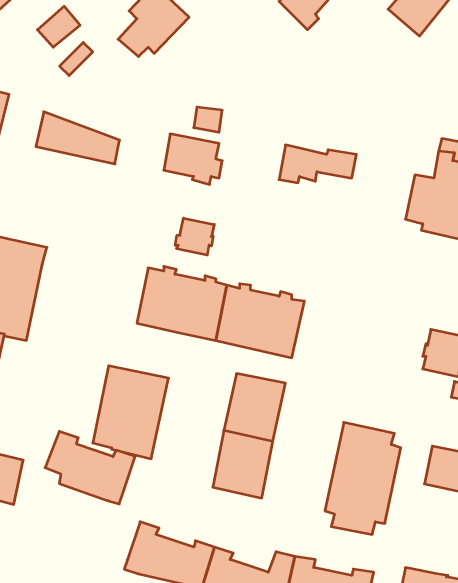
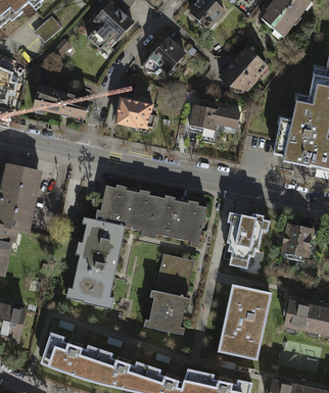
building: none -> [140,38,185,73]
building: none -> [220,47,265,90]
building: [175,218,214,255] -> none
building: none -> [226,211,270,268]
building: none -> [80,218,125,256]
building: [45,431,135,504] -> [42,333,100,380]

